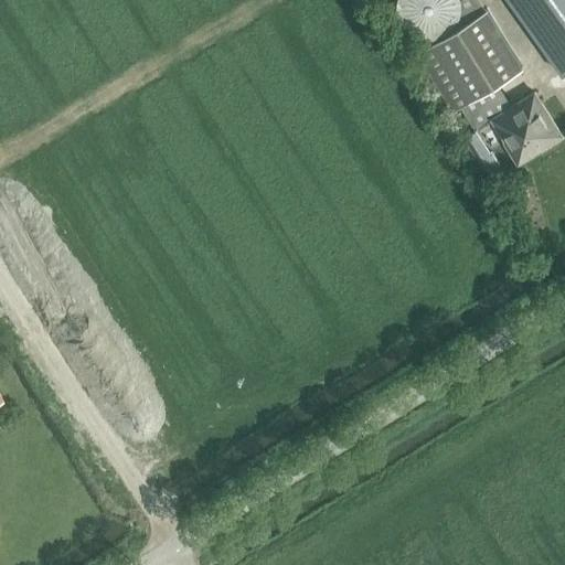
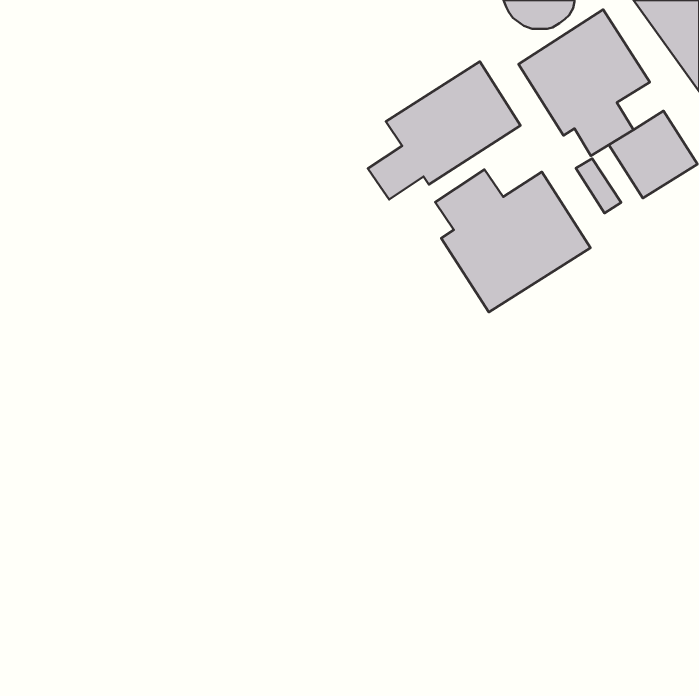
building: none -> [368,61,520,199]
building: none -> [435,169,590,312]

